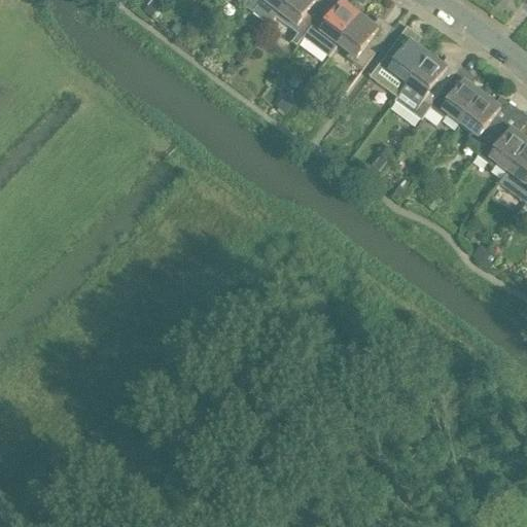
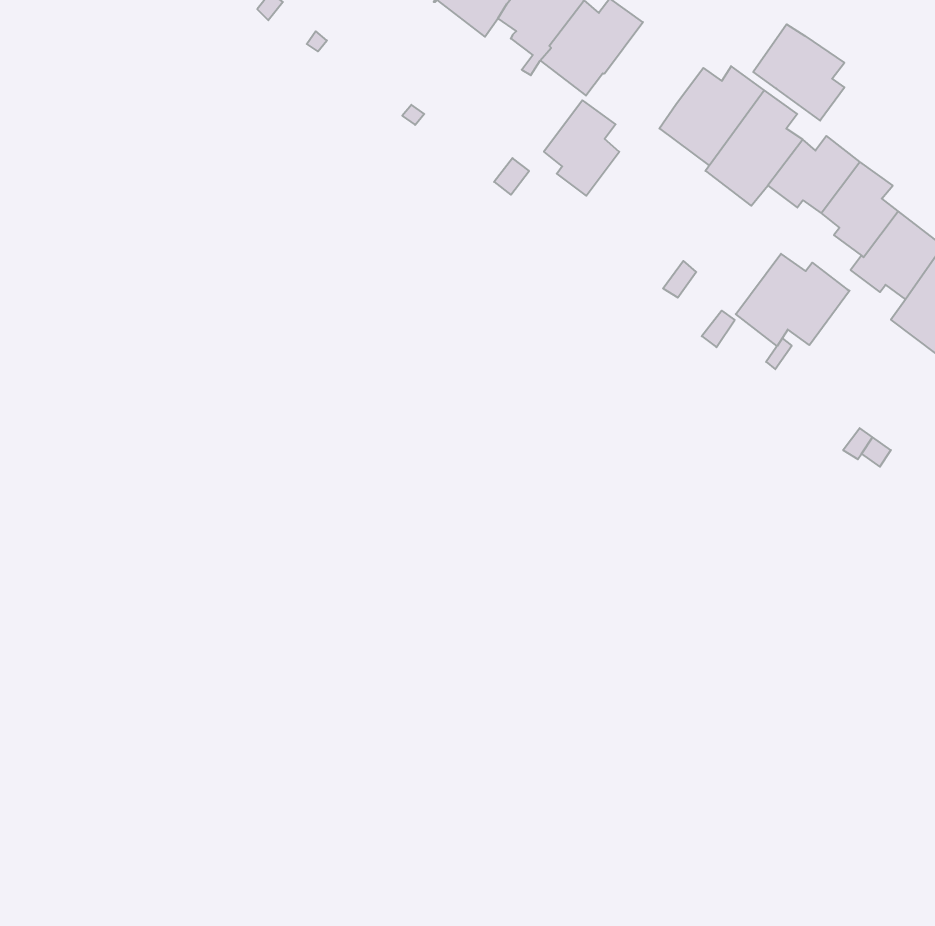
building: [341,12,383,66] -> [544,100,619,196]
building: none -> [753,24,844,121]
building: none -> [736,254,850,346]

